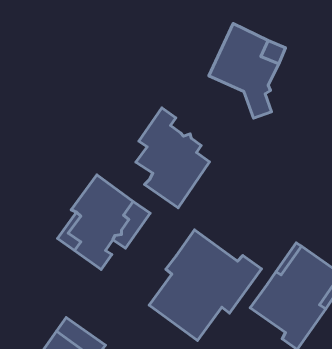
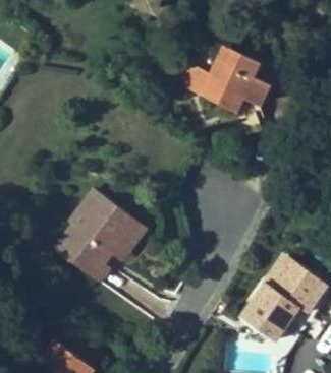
building: [136,108,210,208] -> none
building: [149,230,261,340] -> none

